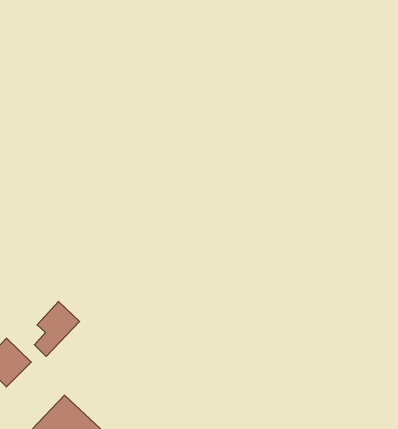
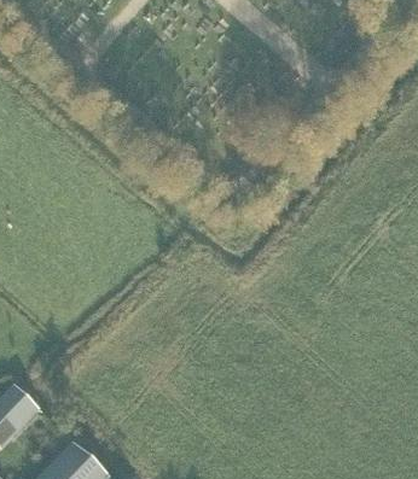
building: [34,301,80,356] -> none

